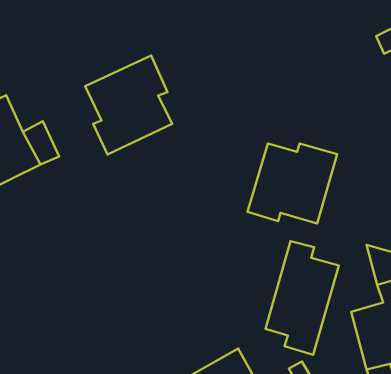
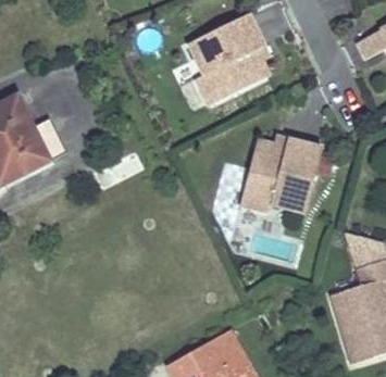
building: [85,56,172,155] -> [189,13,270,104]
building: [266,241,339,355] -> none

